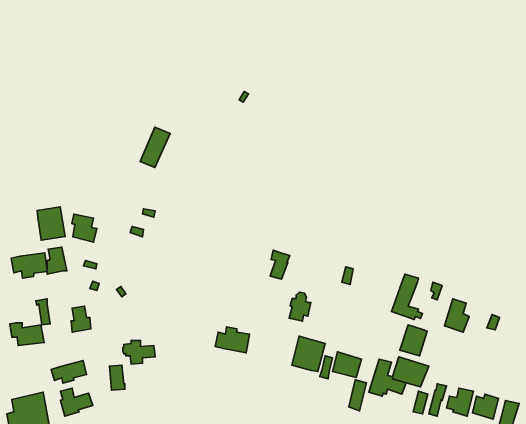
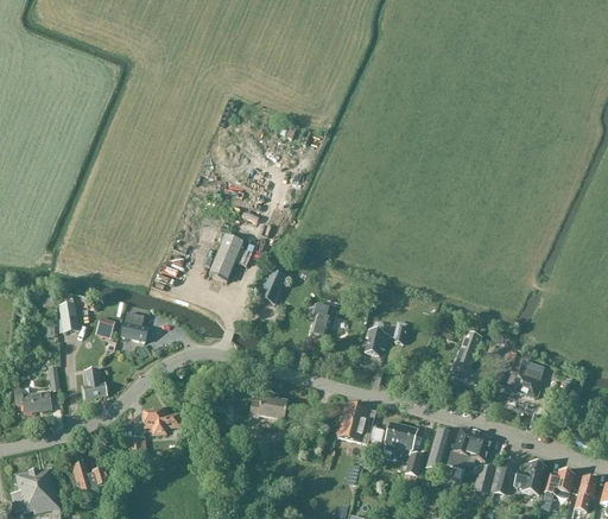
building: [140,127,170,168] -> [210,234,245,280]
building: [37,207,65,240] -> none
building: [72,214,97,242] -> [120,310,148,342]
building: none -> [259,268,287,303]
building: [11,253,47,278] -> none
building: [289,292,311,321] -> [365,321,390,354]
building: [400,325,427,356] -> none
building: [51,360,86,383] -> none

